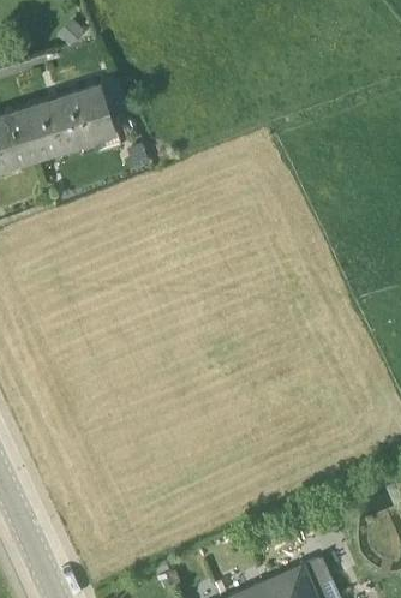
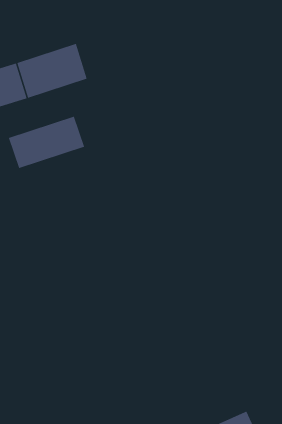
building: none -> [8,116,85,169]

